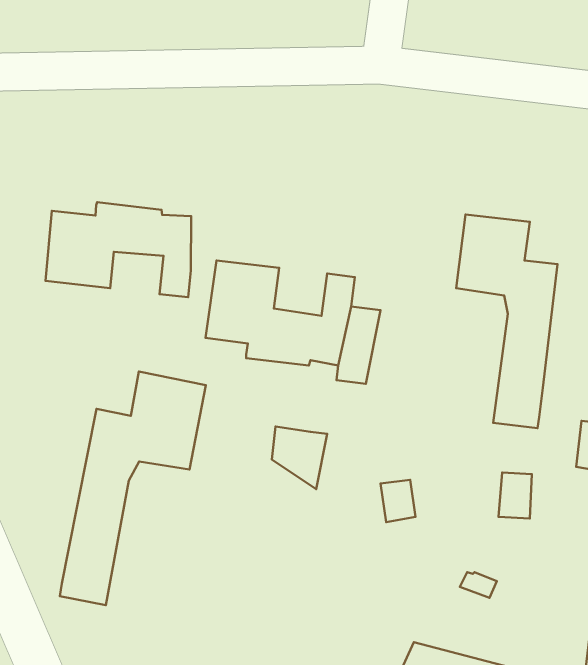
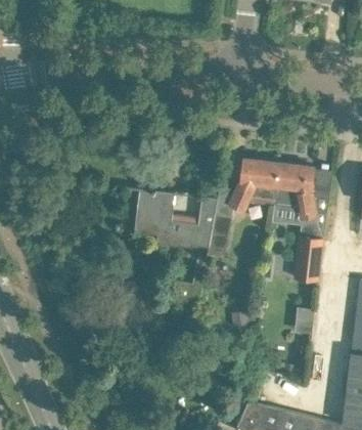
building: [46,202,191,297] -> none
building: none -> [230,159,278,211]
building: [60,371,206,605] -> none

